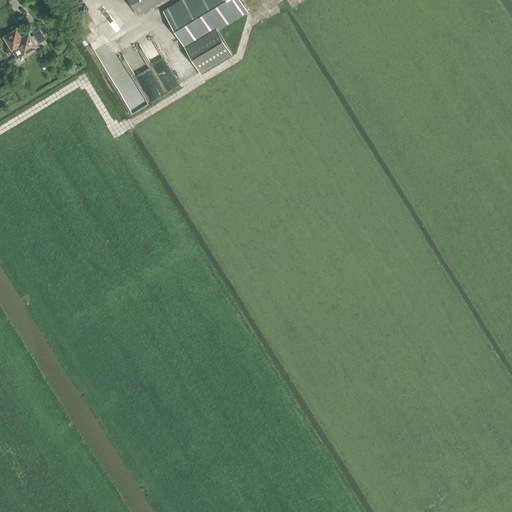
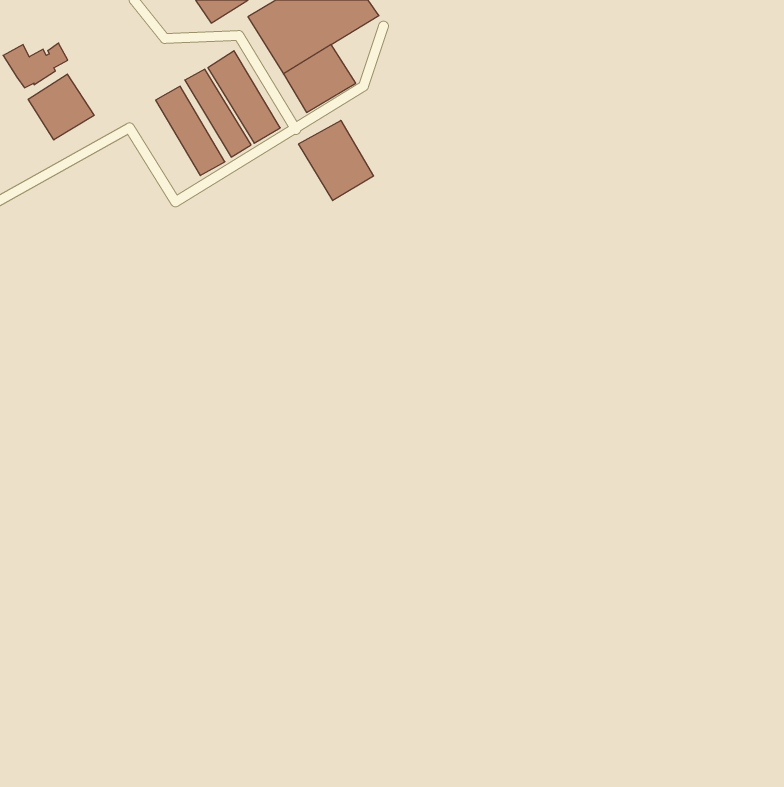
building: none -> [28,74,94,140]
building: none -> [299,120,374,201]

